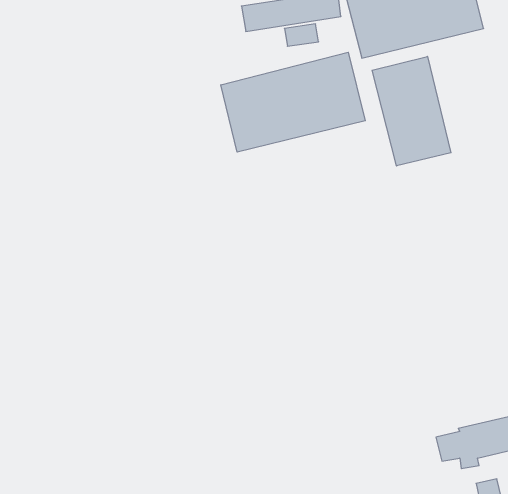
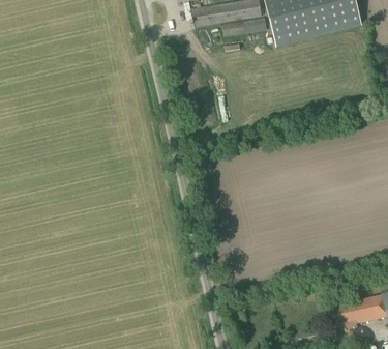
building: [221,52,365,152] -> none
building: [372,56,451,166] -> none

